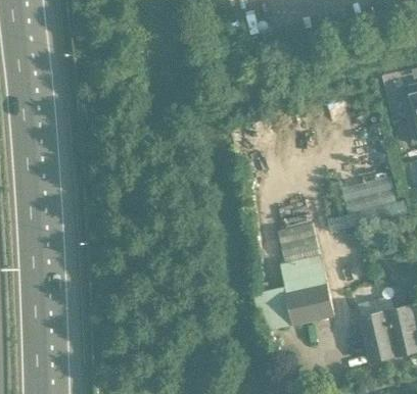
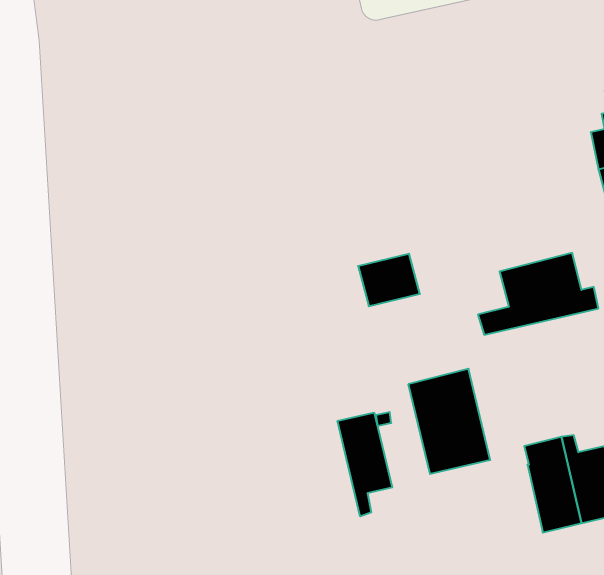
building: [277,220,318,255] -> [358,254,420,306]
building: none -> [338,413,392,516]

